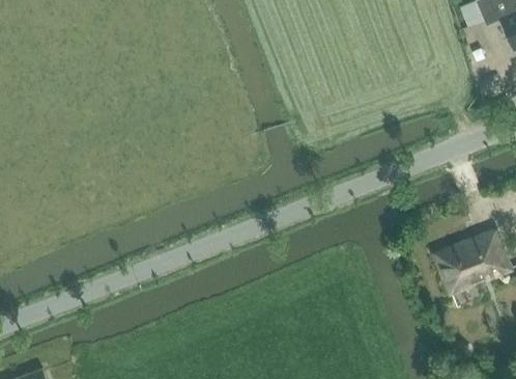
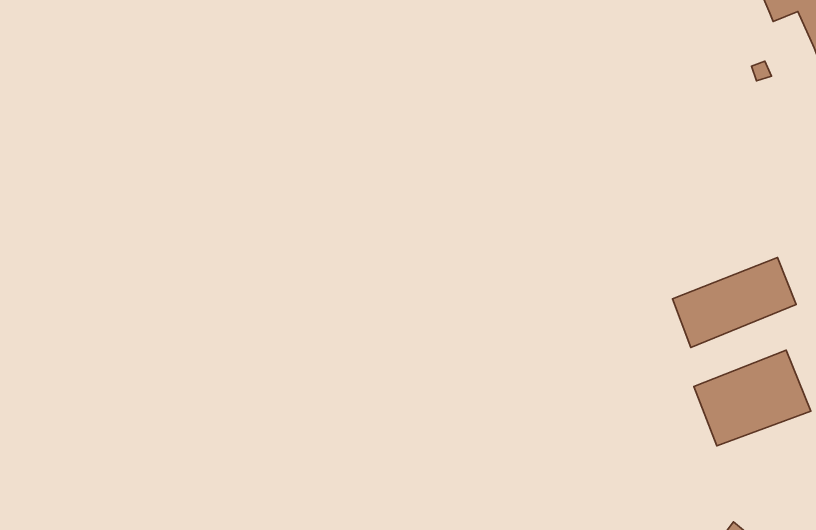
building: none -> [673,257,796,348]

